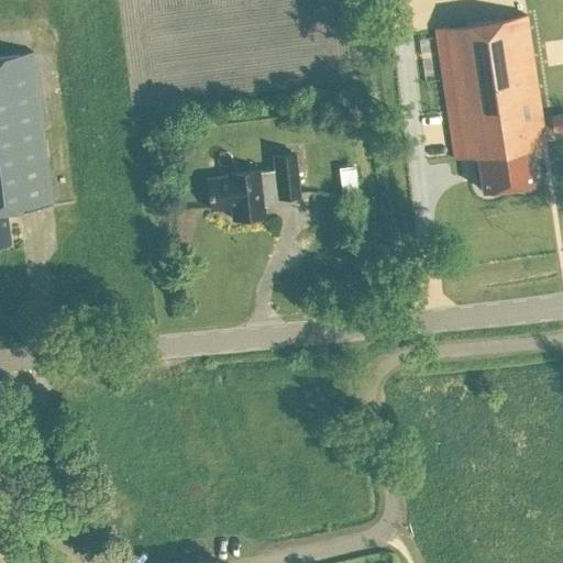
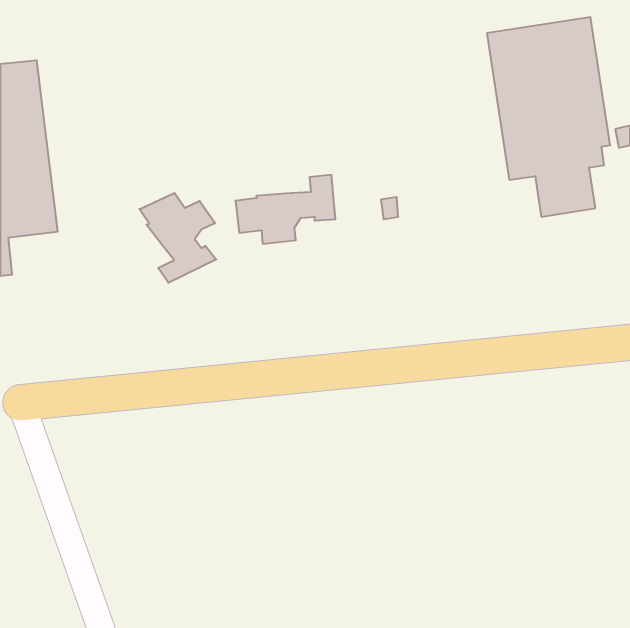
building: none -> [139,193,216,283]

